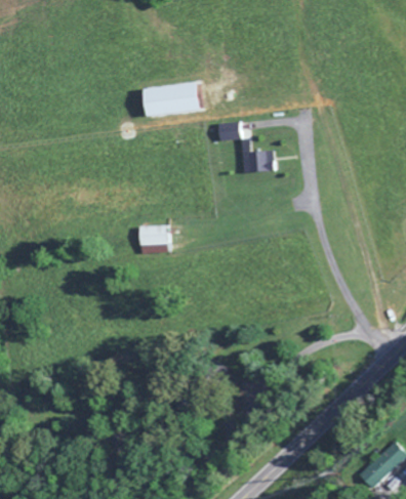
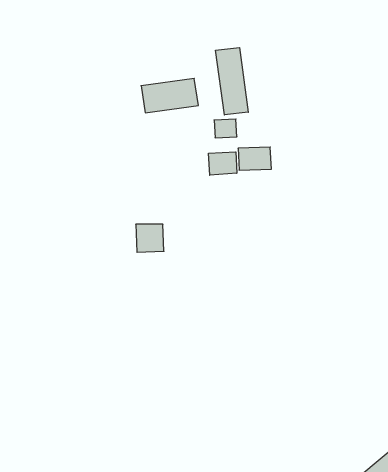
building: none -> [216,48,248,115]
building: none -> [209,152,237,175]

